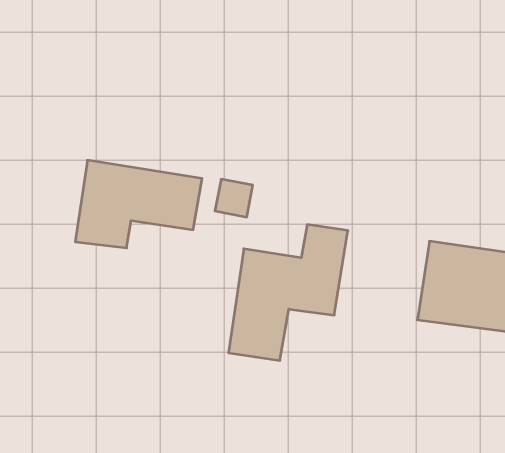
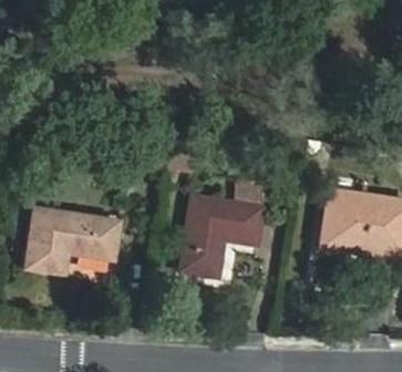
building: [75,160,202,248] -> [25,208,118,272]

